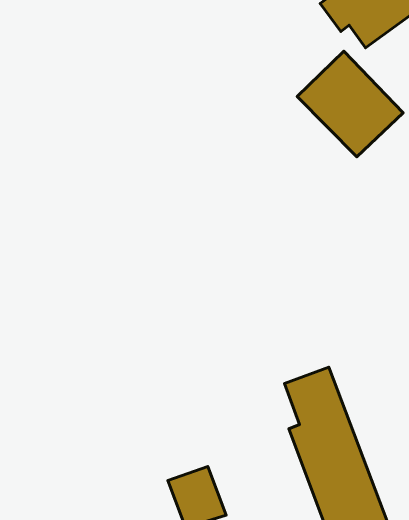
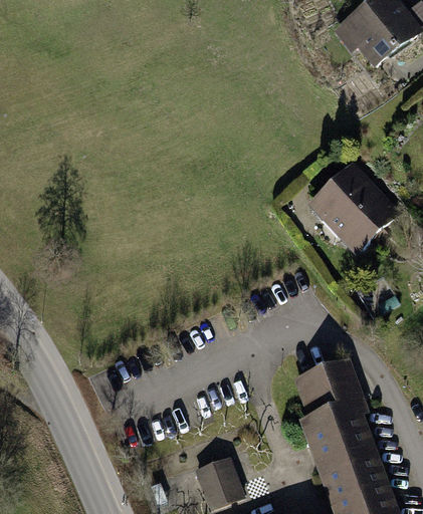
building: [297,51,403,157] -> [305,160,404,258]

